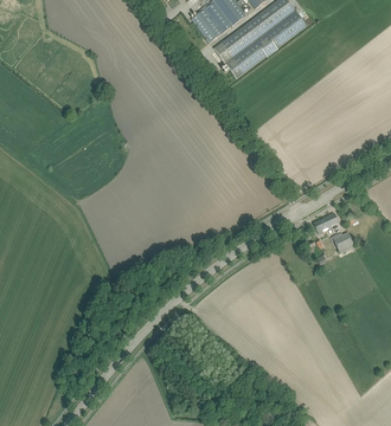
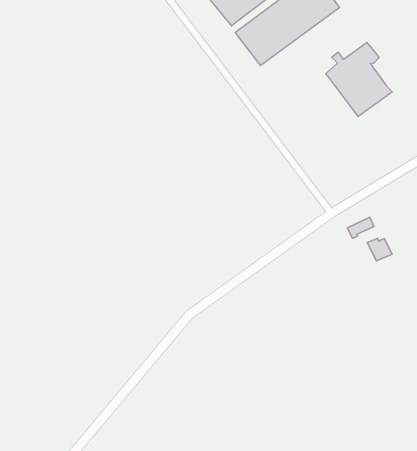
building: none -> [326,42,392,116]

